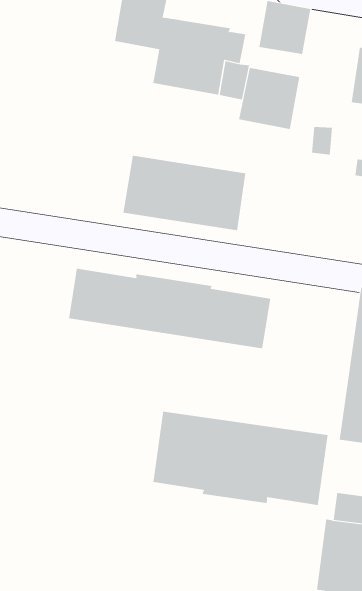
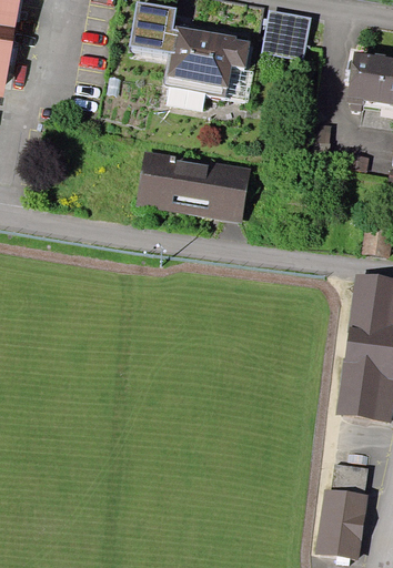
building: [239,67,300,130] -> none
building: [68,268,271,349] -> none
building: [153,411,328,506] -> none

